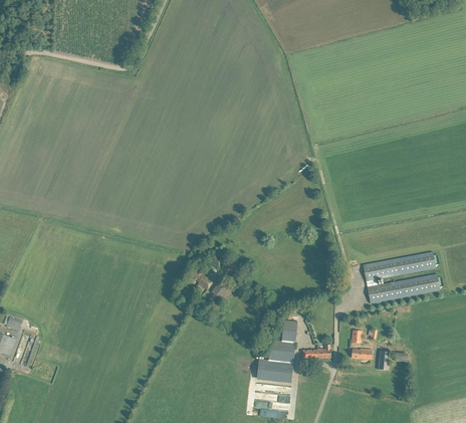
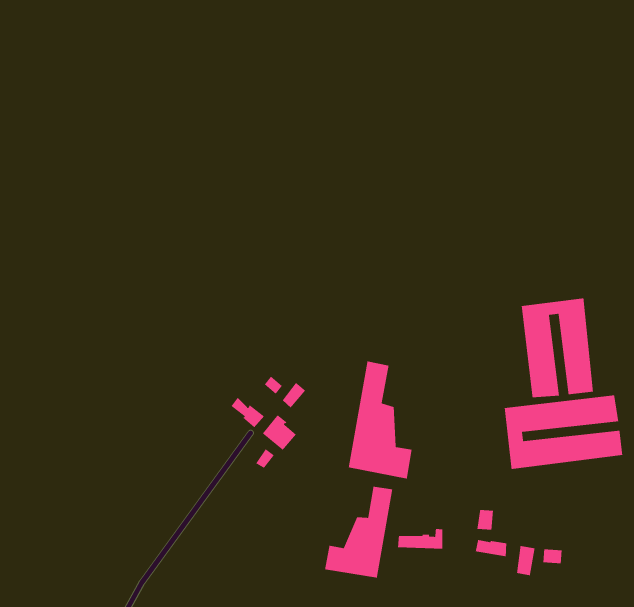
building: none -> [521,297,594,398]
building: none -> [348,361,412,480]

